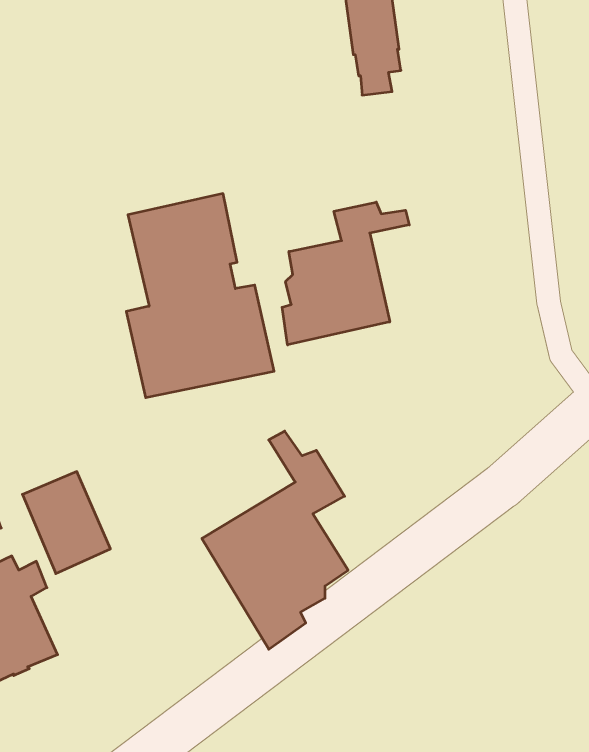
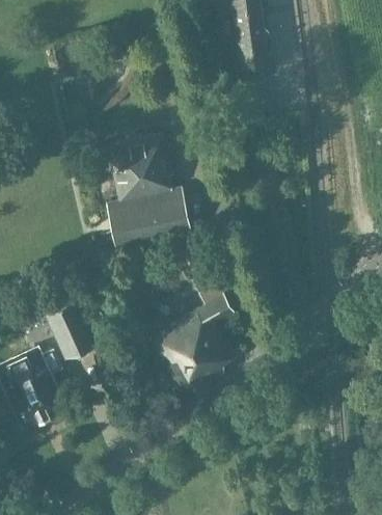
building: [282,202,409,345] -> none

